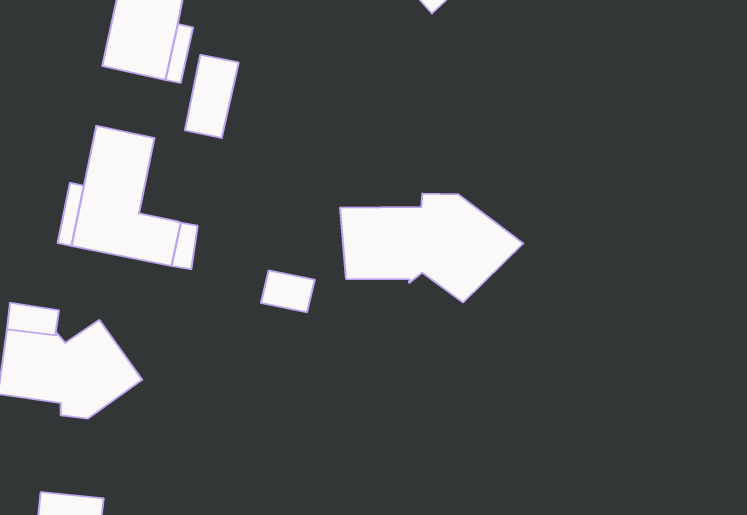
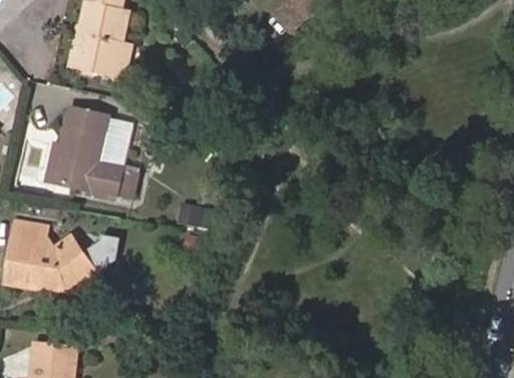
building: [185,55,239,138] -> [96,114,132,168]
building: [340,193,523,302] -> none
building: none -> [83,235,119,272]

